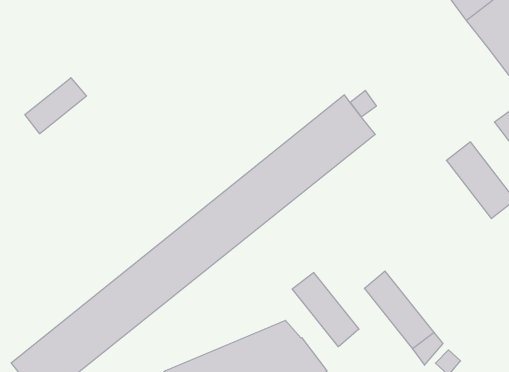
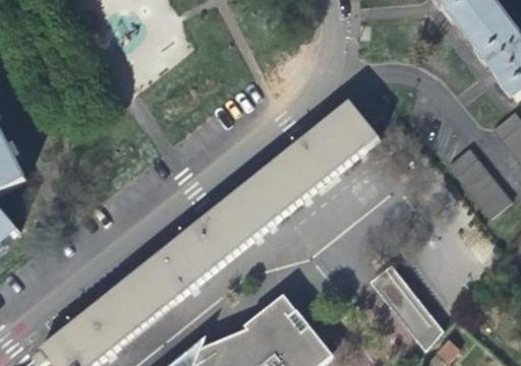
building: [25,78,86,134] -> none
building: [292,273,359,347] -> none

